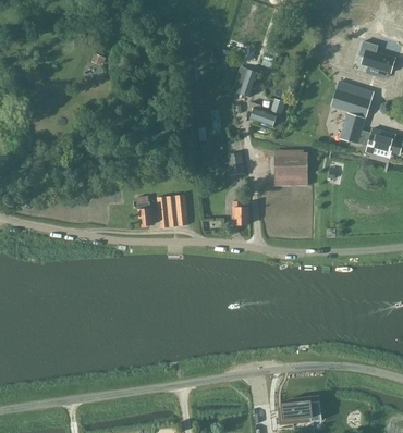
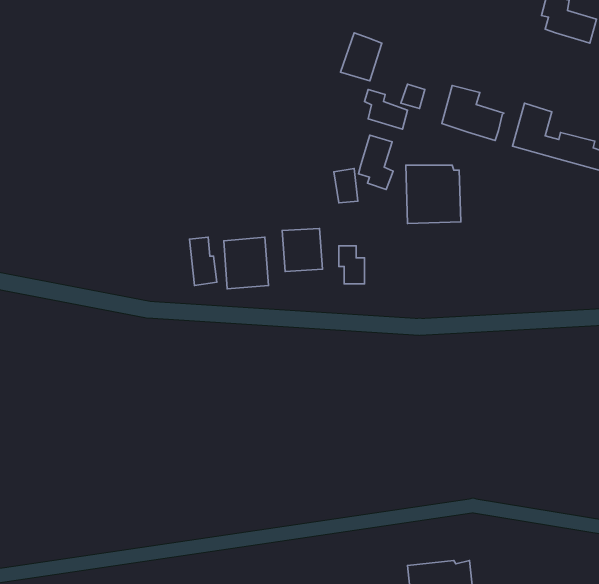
building: [332,81,371,115] -> [442,86,504,141]
building: none -> [358,135,393,190]
building: none -> [282,228,323,272]

